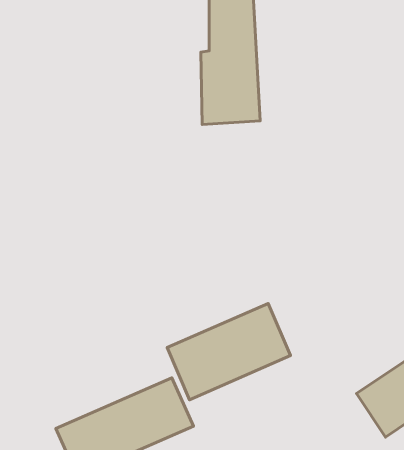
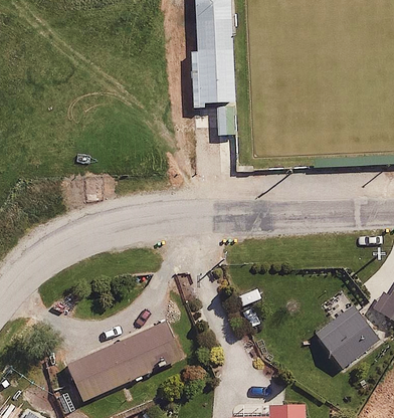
building: [167,303,291,400] -> none

